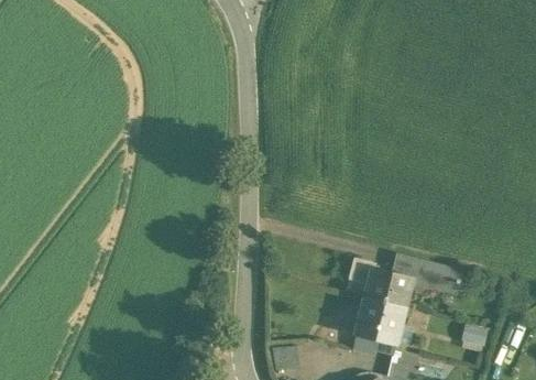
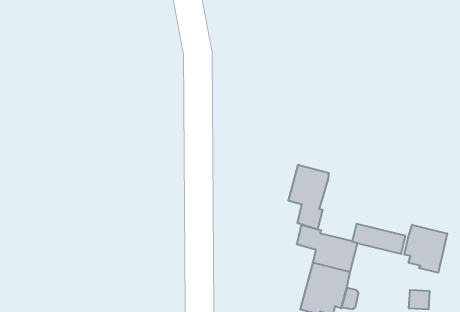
building: none -> [288,165,329,229]
building: none -> [404,225,447,273]

